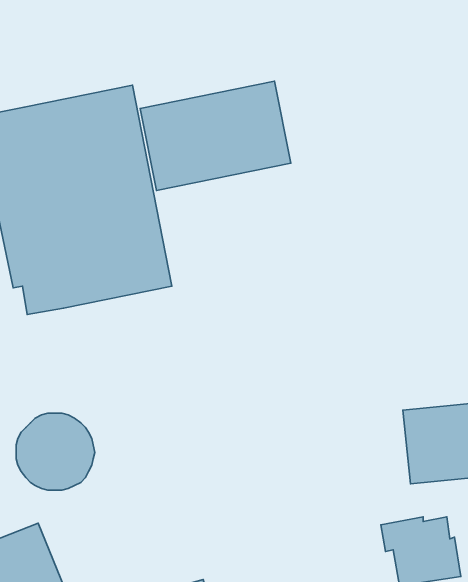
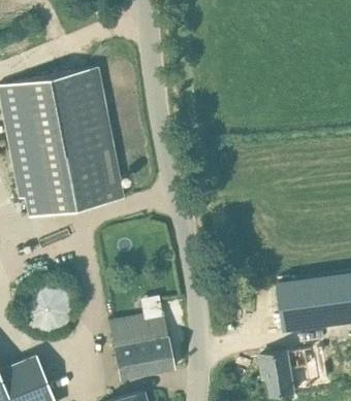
building: [140,81,291,190] -> none
building: none -> [110,314,173,380]

